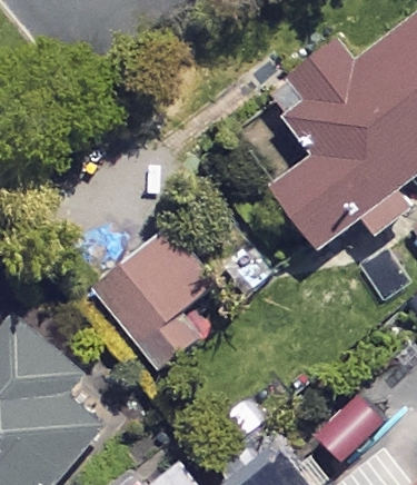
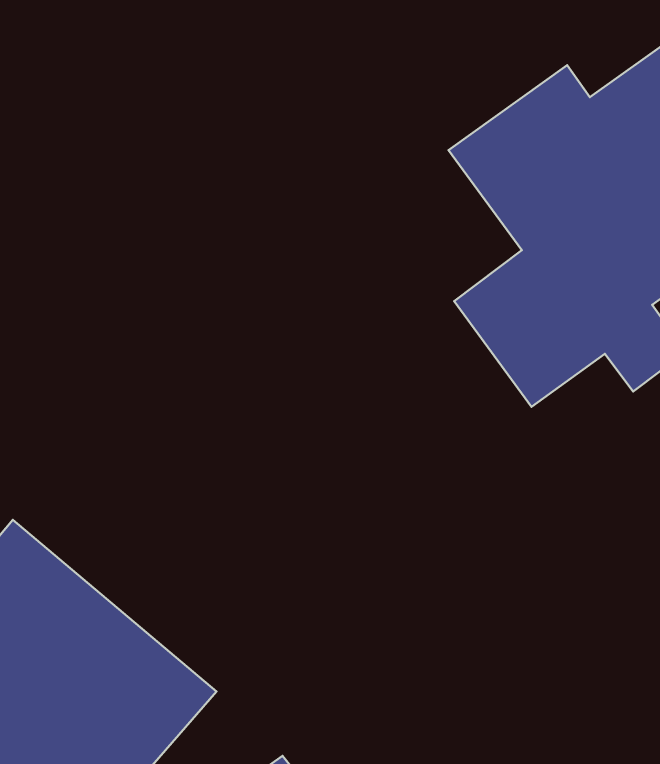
building: [93,231,210,367] -> none

